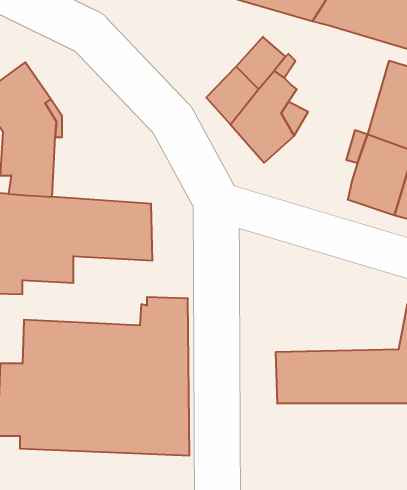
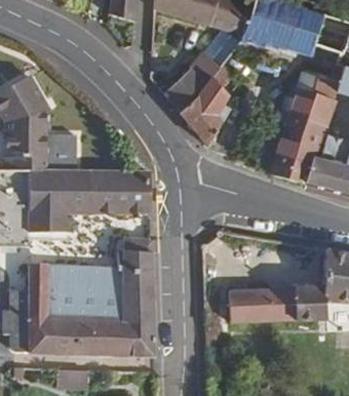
building: none -> [127,174,155,216]

